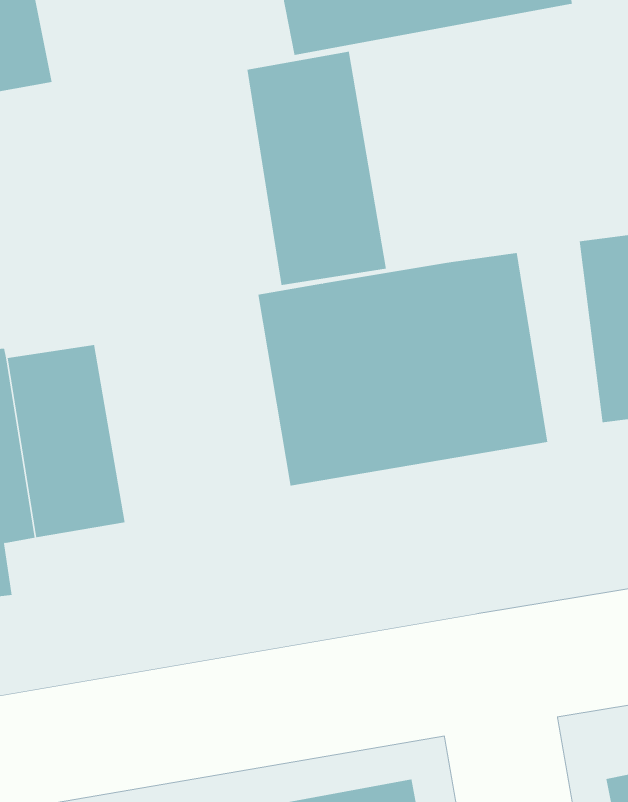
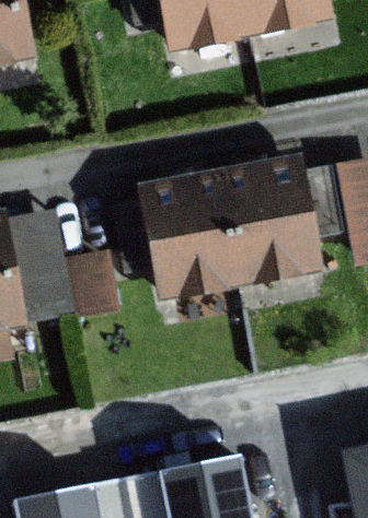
building: [247,51,386,286] -> none

